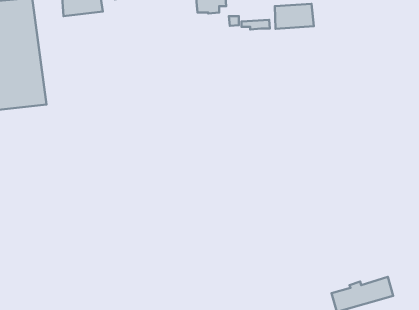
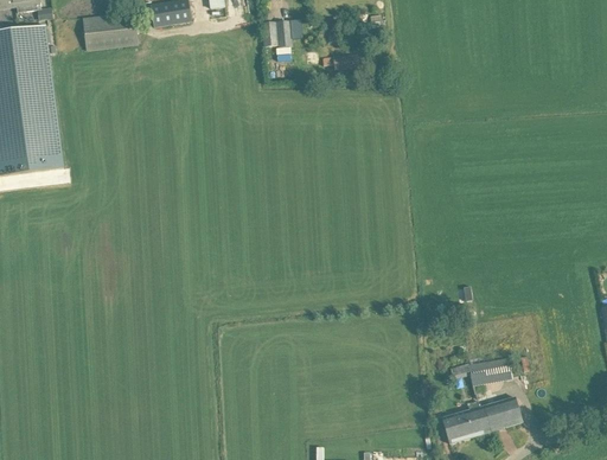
building: [275,4,314,29] -> none
building: none -> [451,357,512,384]

